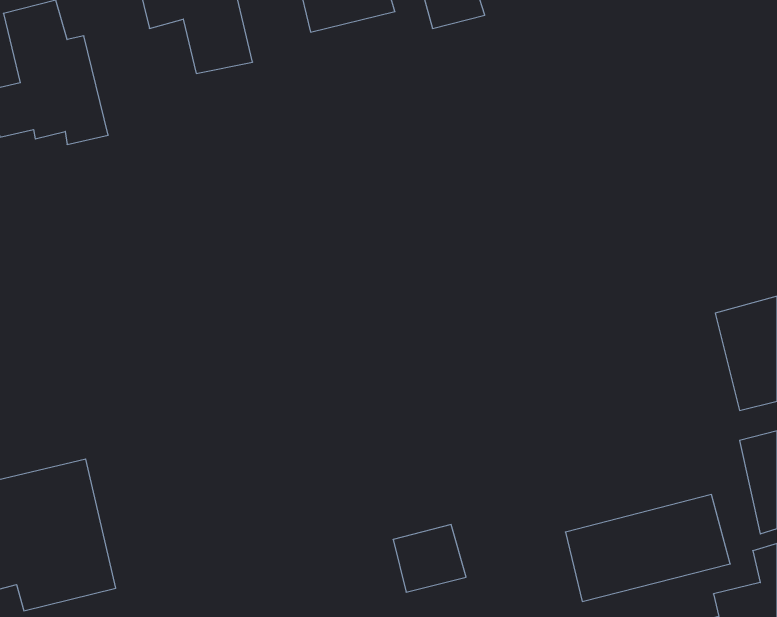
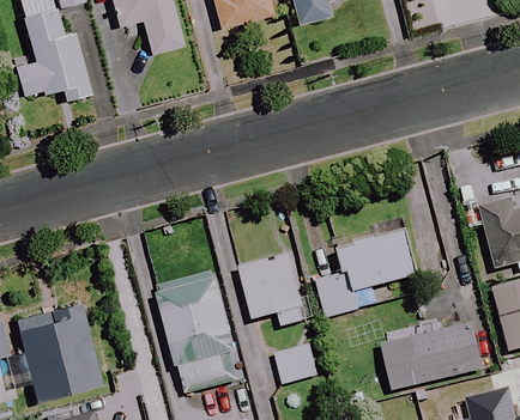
building: none -> [316,236,415,317]
building: none -> [237,252,309,329]
building: none -> [157,270,234,396]

